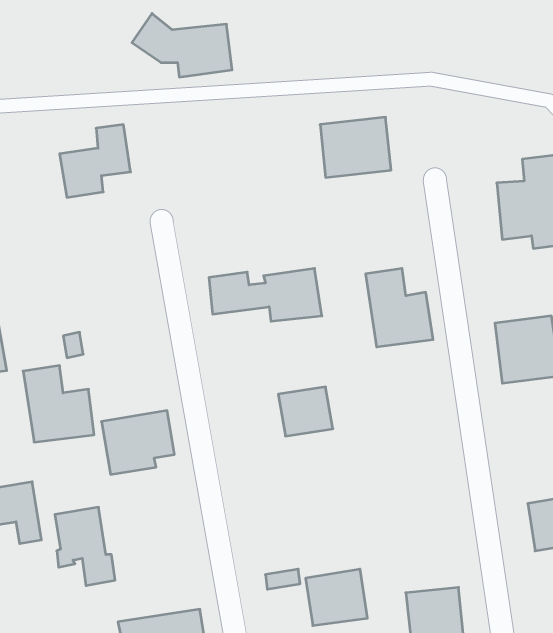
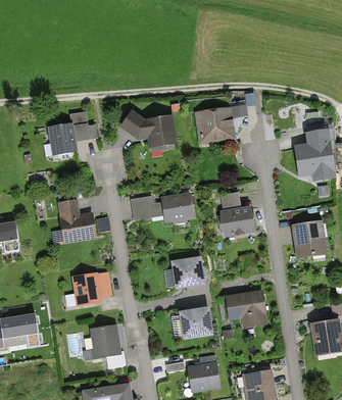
building: [132,13,232,77] -> [121,112,178,148]
building: [23,366,94,442] -> [57,199,97,242]
building: none -> [225,290,266,328]
building: none -> [179,309,208,337]
building: [55,507,115,586] -> [89,324,123,368]

